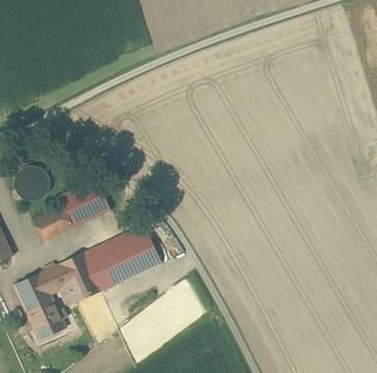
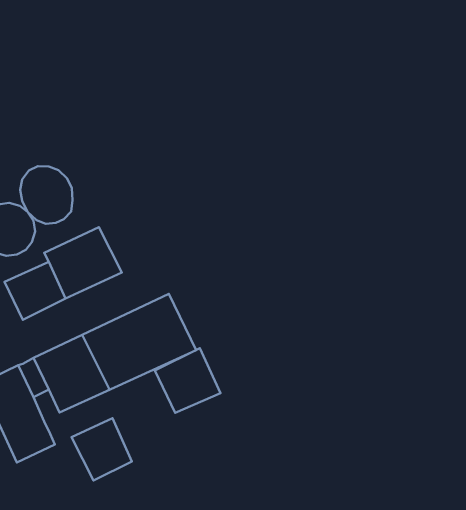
building: none -> [20,166,73,224]
building: none -> [155,348,220,413]
building: none -> [72,418,132,480]

